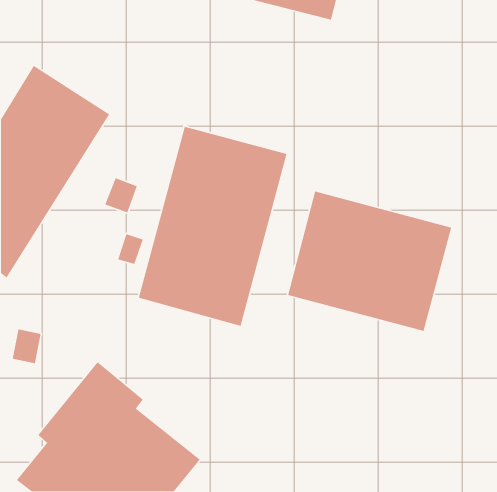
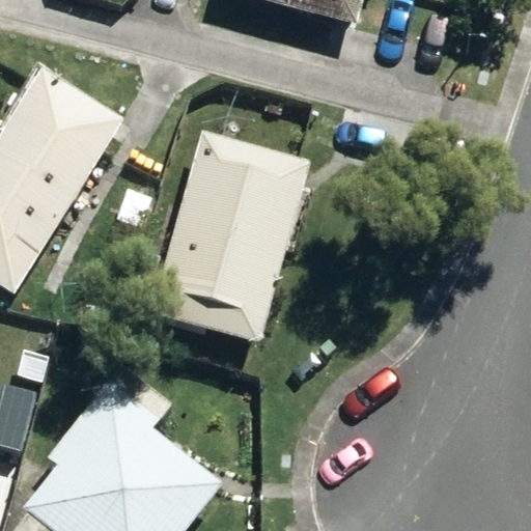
building: [287,191,452,332] -> none

